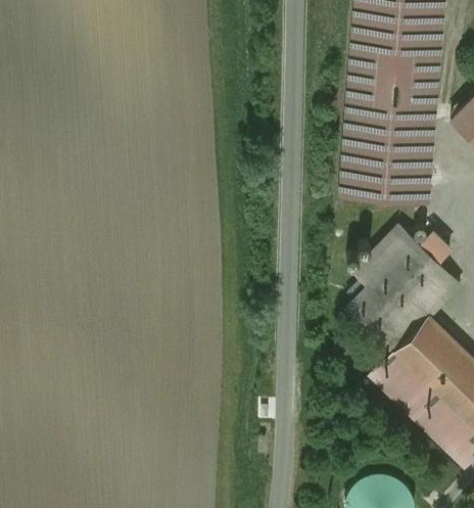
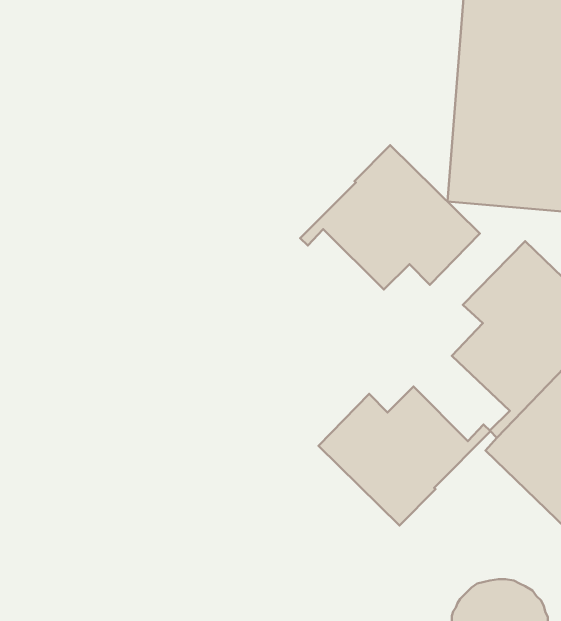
building: none -> [300,145,480,290]
building: none -> [319,387,491,526]

